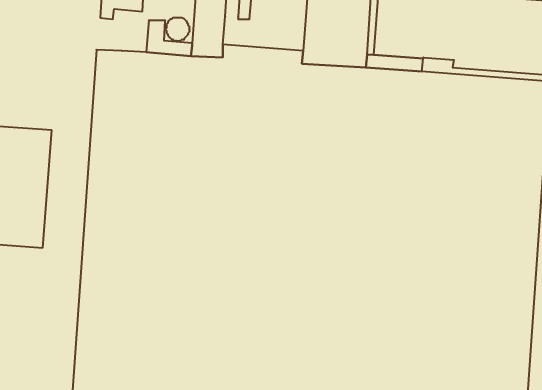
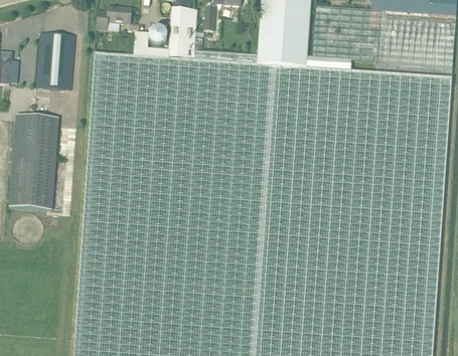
building: none -> [38,34,75,92]

